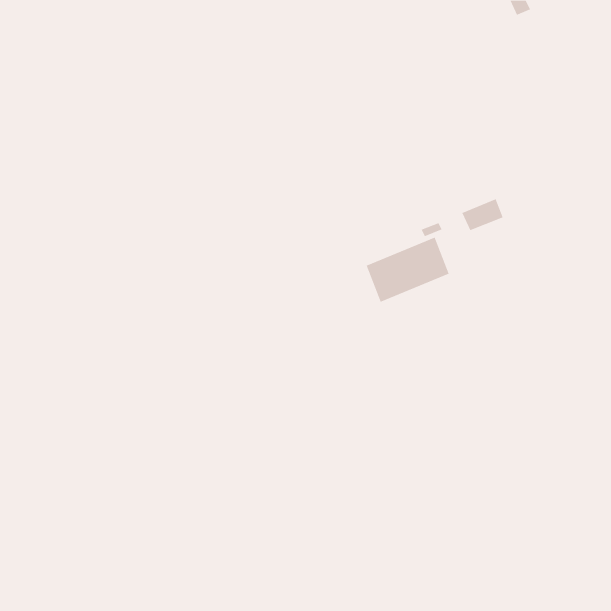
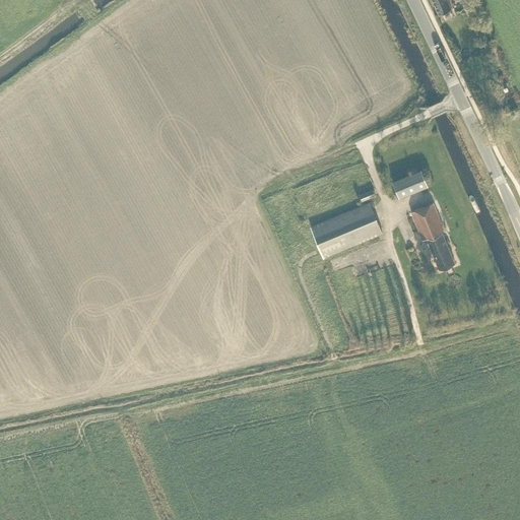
building: none -> [410,202,455,269]

